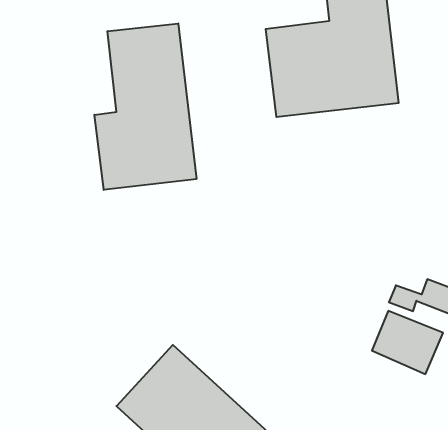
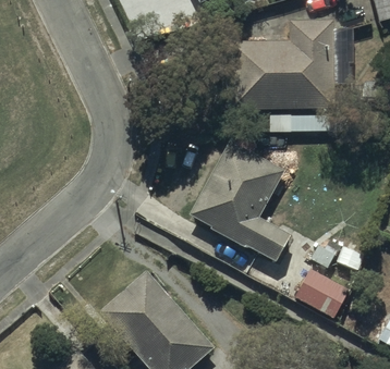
building: [94,23,196,190] -> none
building: none -> [190,140,291,262]

